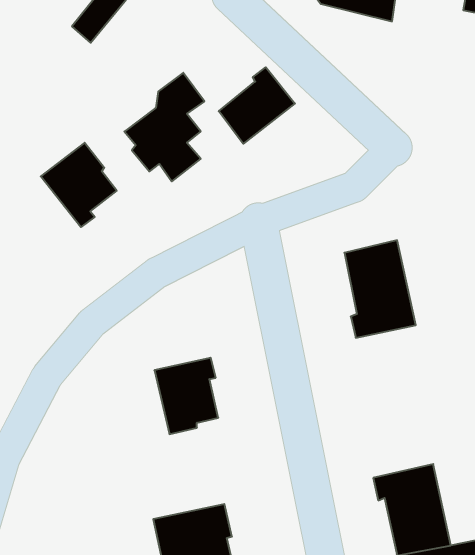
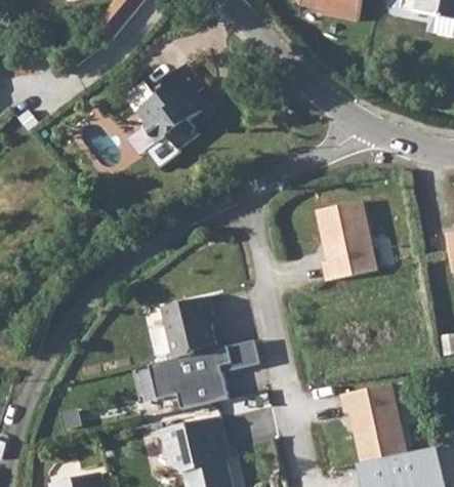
building: [219,67,295,144] -> none
building: [41,143,117,227] -> none
building: none -> [148,336,259,411]

